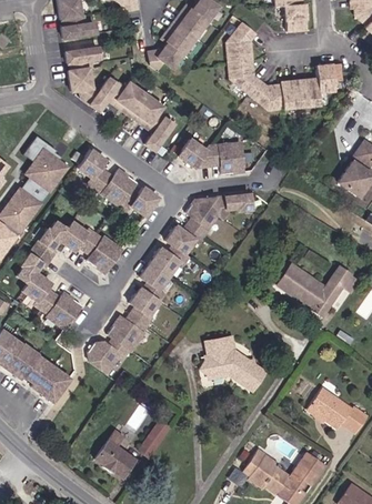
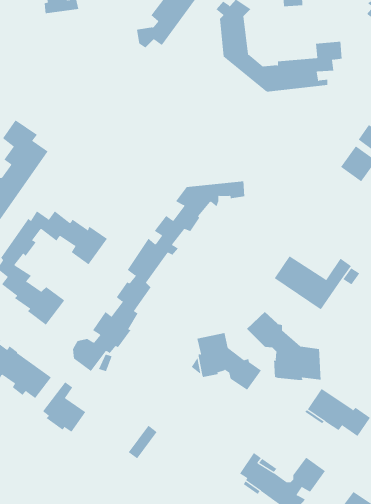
building: [66,47,172,150] -> none
building: [179,139,243,173] -> none
building: [71,150,158,215] -> none
building: none -> [246,311,321,381]
building: [94,430,135,477] -> [42,381,86,432]

